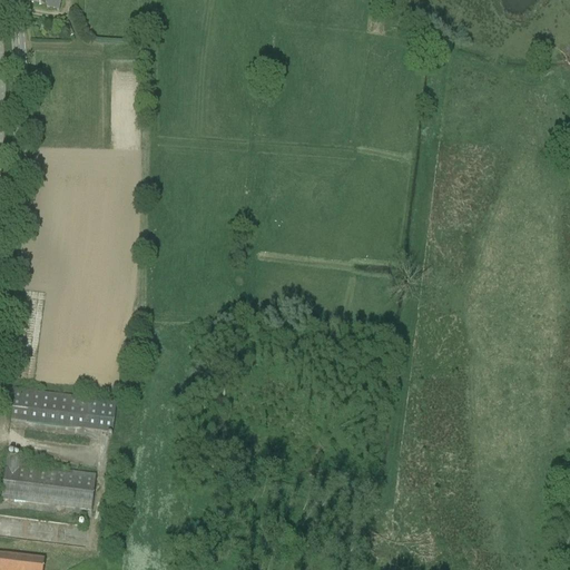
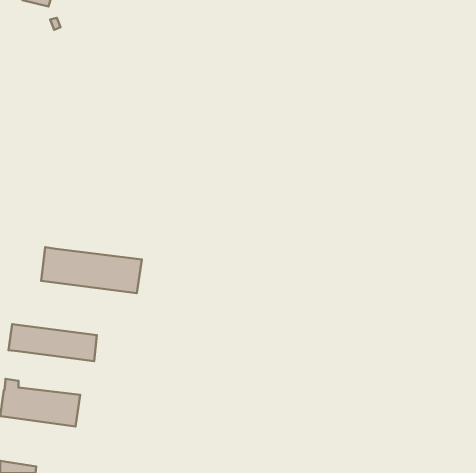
building: none -> [41,247,142,293]

